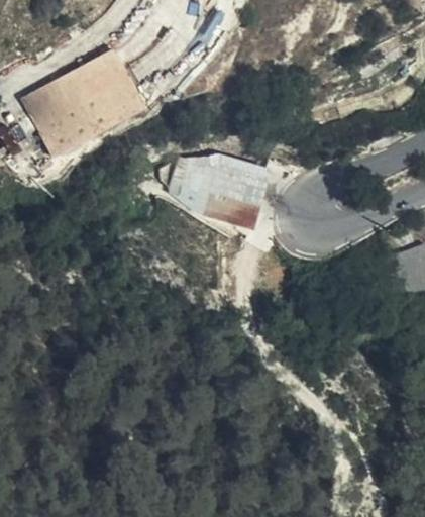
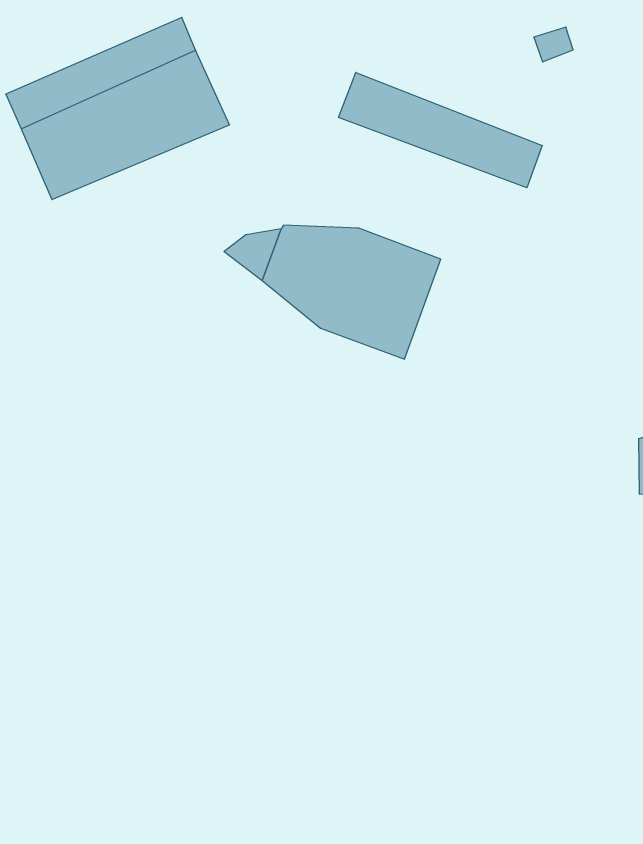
building: none -> [339,72,542,188]

